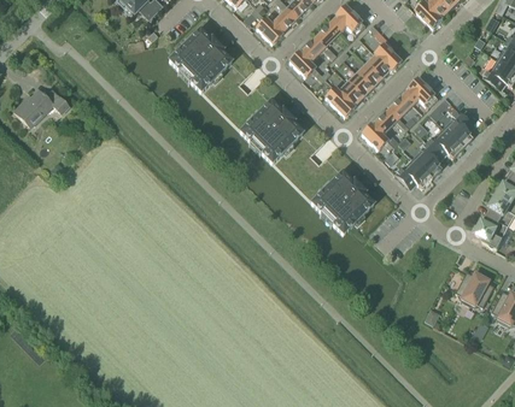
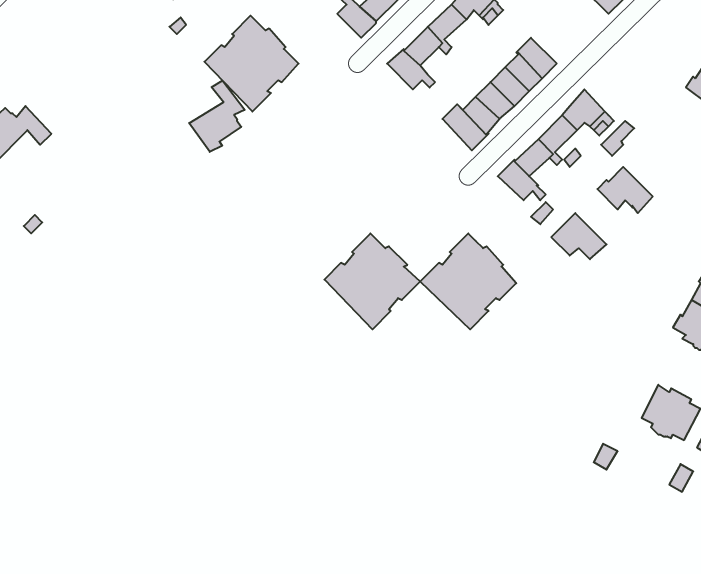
building: none -> [189,81,245,152]
building: [241,100,304,163] -> [324,233,420,329]
building: [444,111,473,147] -> none
building: [412,142,443,178] -> none

